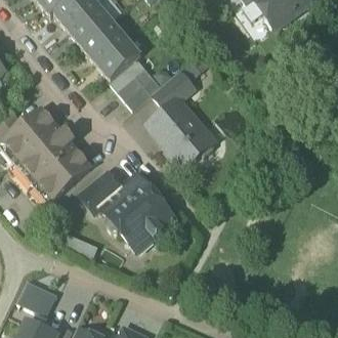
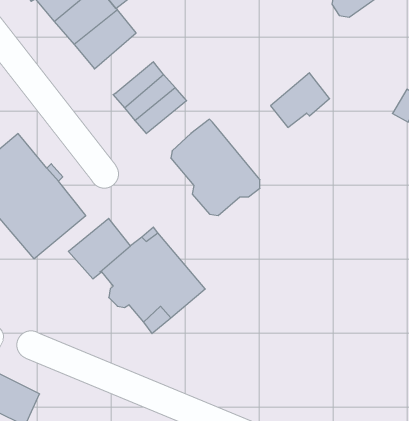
building: [95,37,140,80] -> none
building: [152,70,194,109] -> [271,73,330,127]

